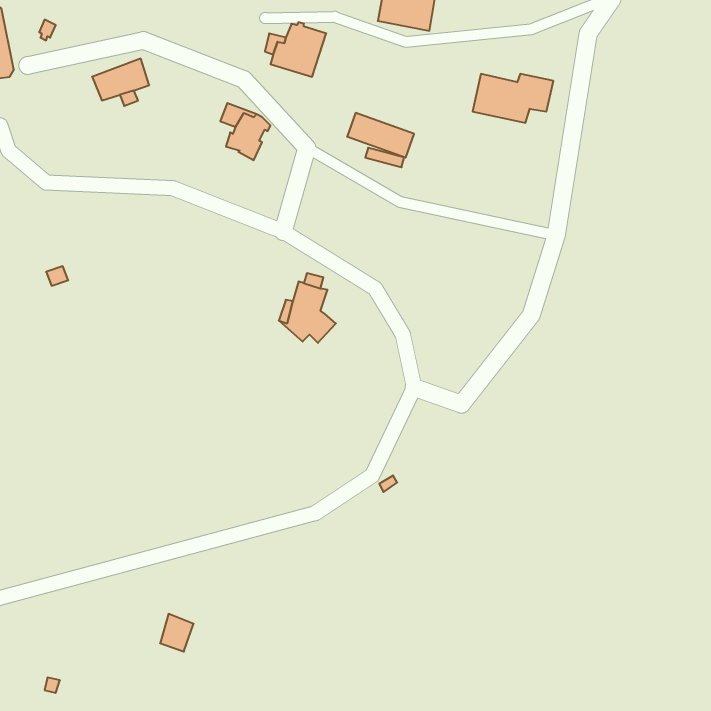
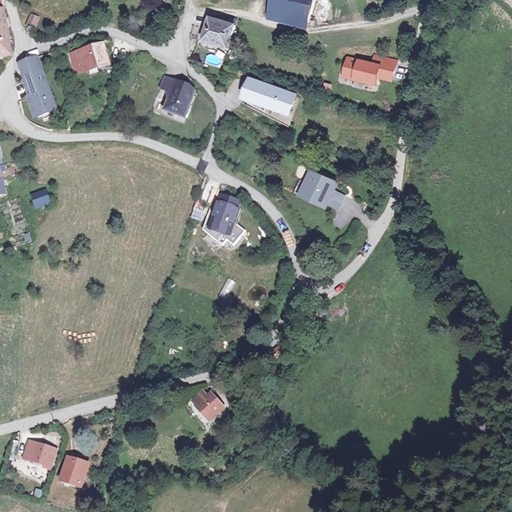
building: none -> [18,56,56,121]
building: none -> [299,167,344,206]
building: none -> [191,388,221,415]
building: none -> [22,439,55,462]
building: [160,614,194,652] -> [62,457,86,484]

